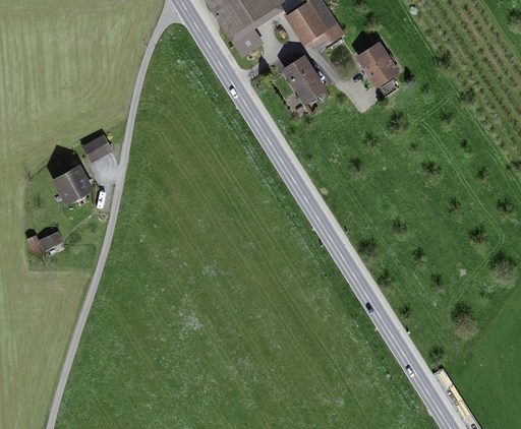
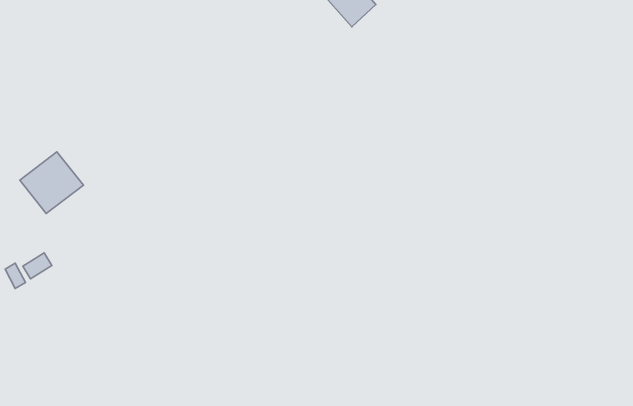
building: [80,133,107,159] -> none

